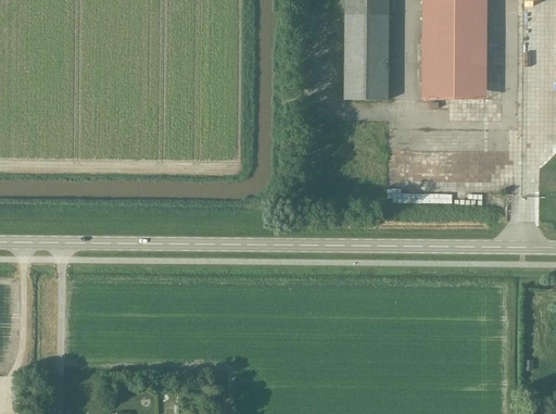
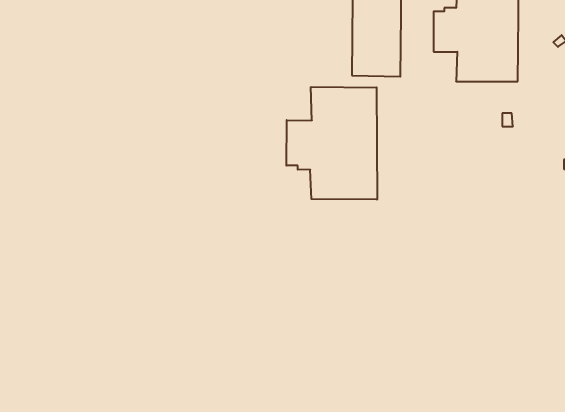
building: none -> [286,87,377,200]

